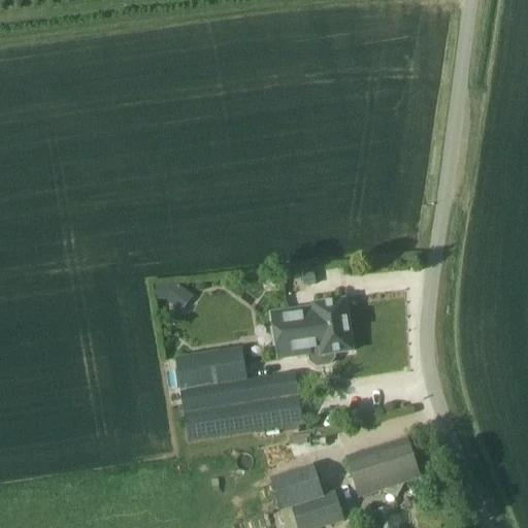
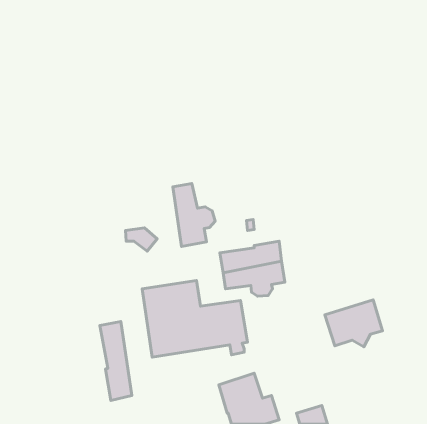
building: none -> [173,183,215,246]
building: none -> [100,322,132,401]
building: [348,437,419,495] -> [325,300,382,347]

